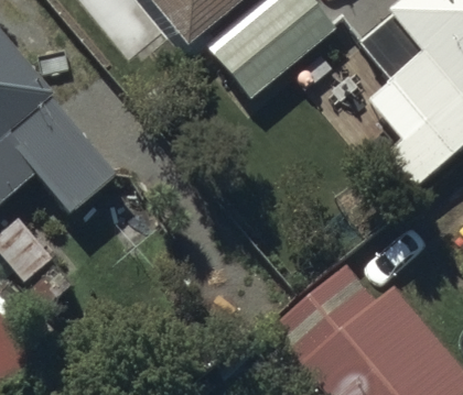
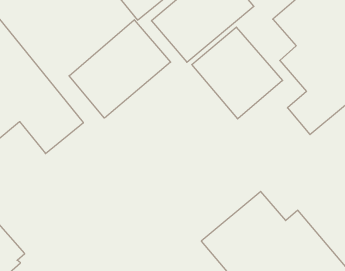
building: none -> [69,20,171,118]
building: none -> [192,27,283,119]

